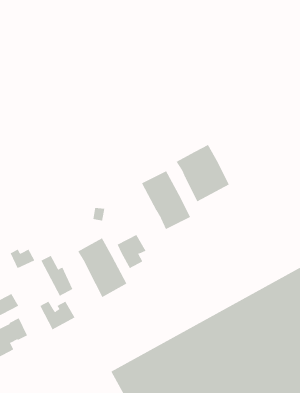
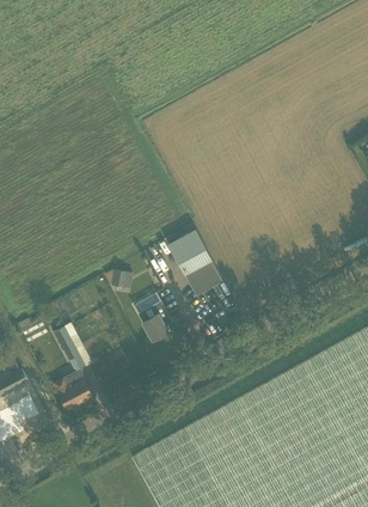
building: [176,144,229,202] -> none
building: [77,237,127,298] -> none

